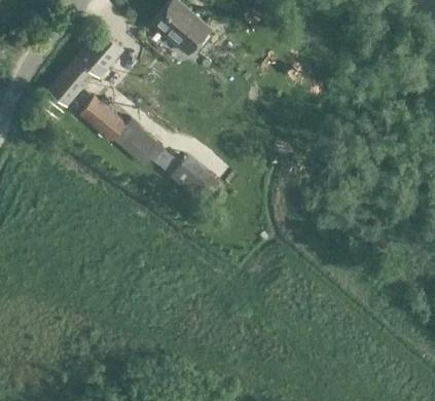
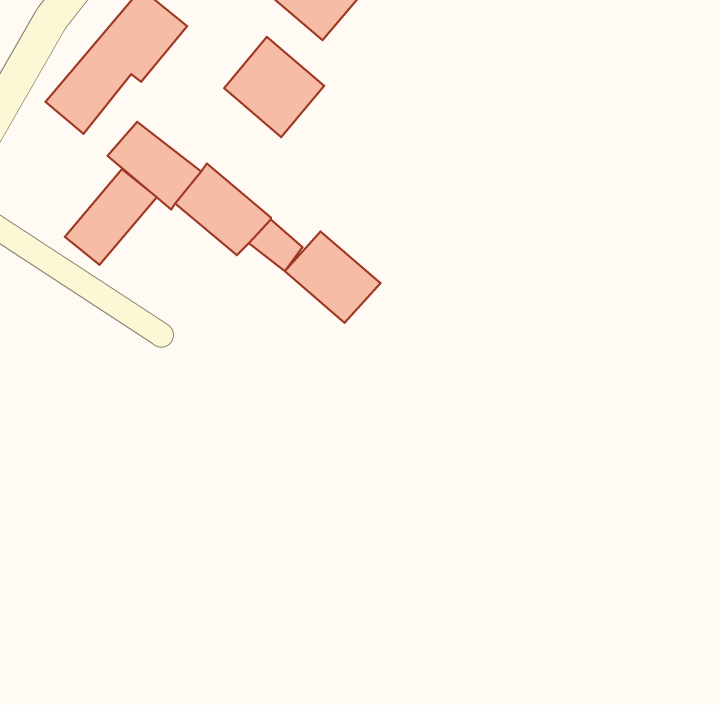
building: none -> [224,37,324,137]
building: none -> [65,169,157,265]

